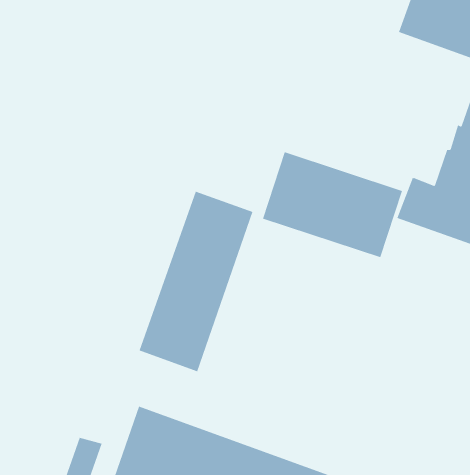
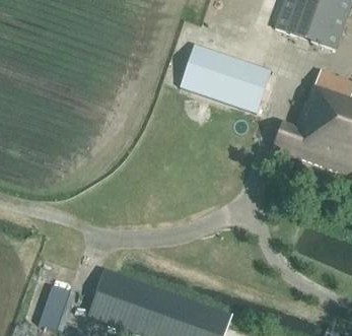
building: [262,152,403,258] -> [177,43,268,112]
building: [139,191,253,372] -> none

